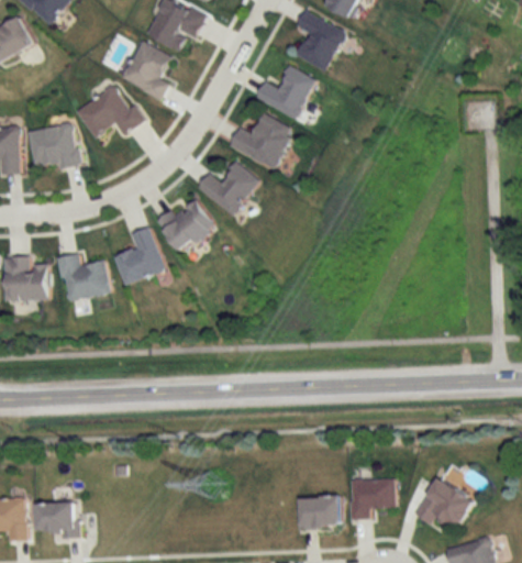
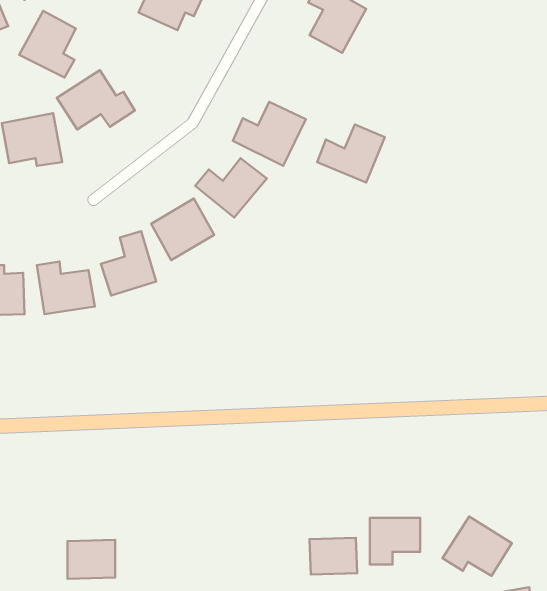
building: [121,41,170,99] -> [19,11,76,77]
building: [256,67,315,118] -> [317,125,385,182]
building: [35,500,77,534] -> [67,540,115,579]

